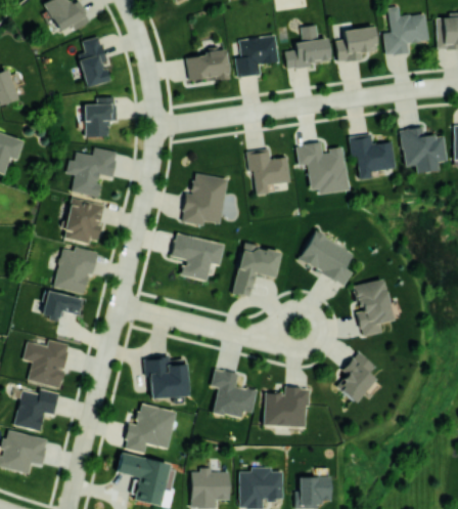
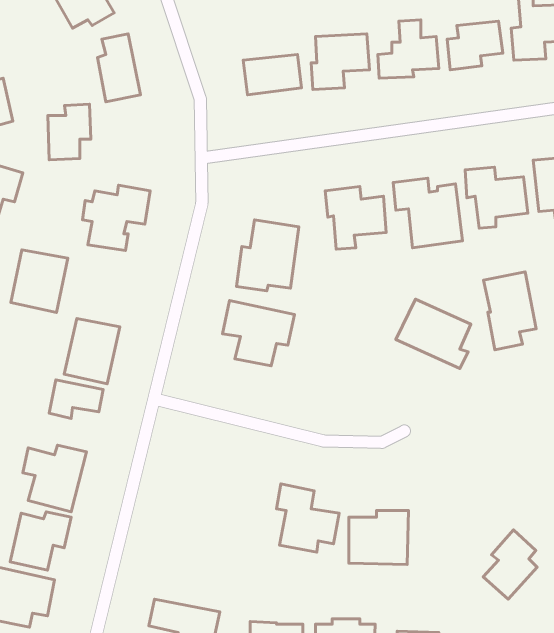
building: [85,96,117,137] -> [48,104,91,160]
building: [63,198,105,244] -> [11,250,68,312]
building: [232,243,281,296] -> none
building: [353,279,392,336] -> [484,272,536,350]
building: [335,351,375,402] -> [483,530,537,599]
building: [144,357,187,398] -> none
building: [124,402,176,453] -> none

